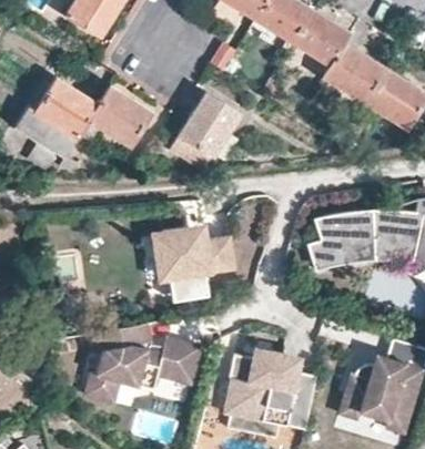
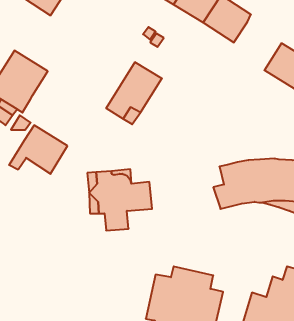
building: [324,43,387,103] -> none
building: [80,85,152,145] -> [9,125,67,174]
building: [84,326,201,402] -> none

